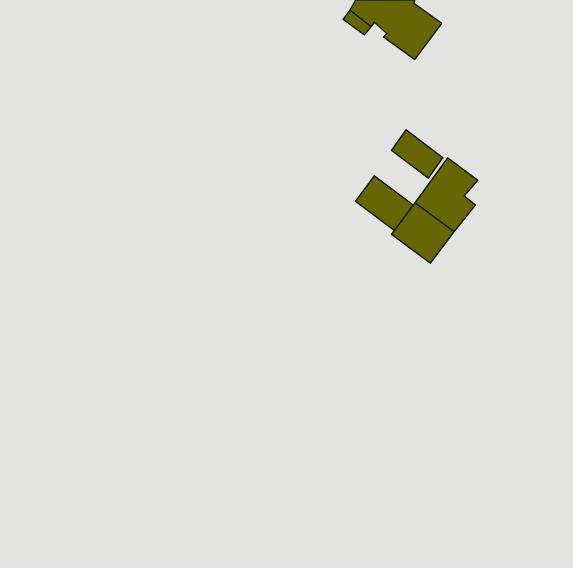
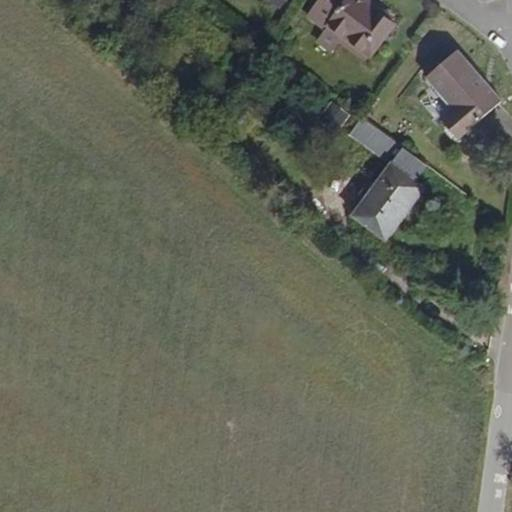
building: none -> [427,48,501,138]
building: [356,176,413,231] -> none

